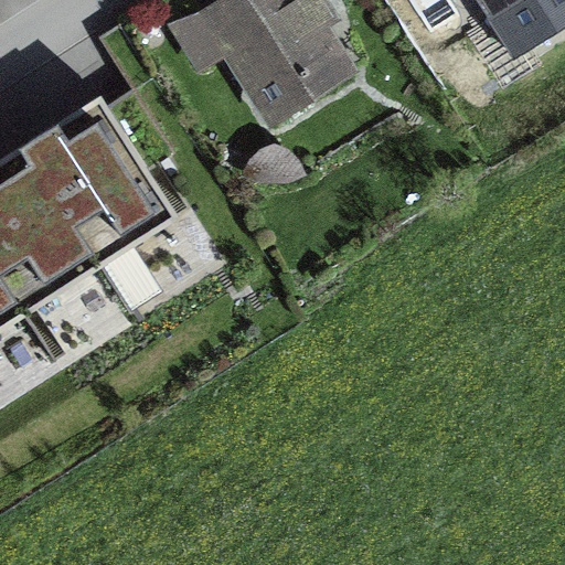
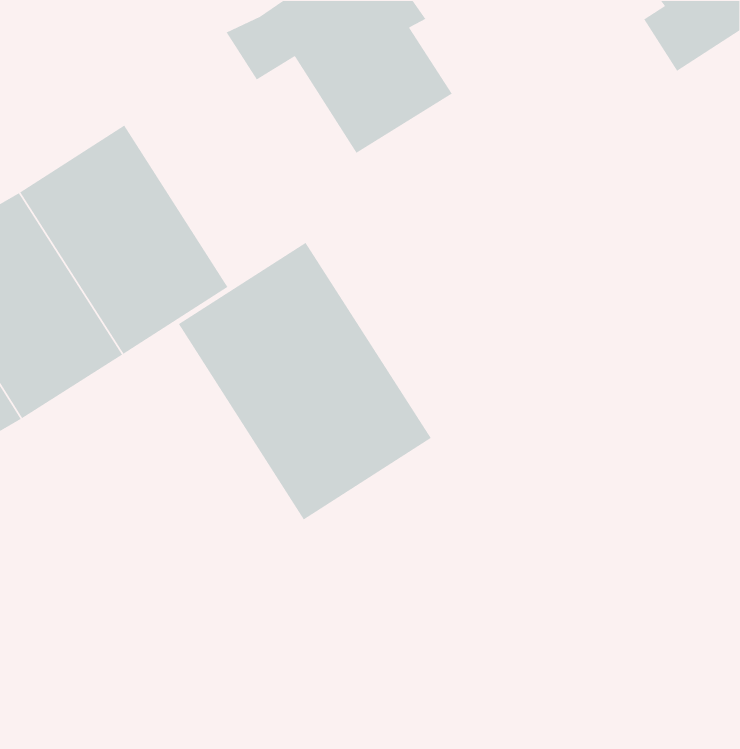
building: none -> [178,242,432,521]

